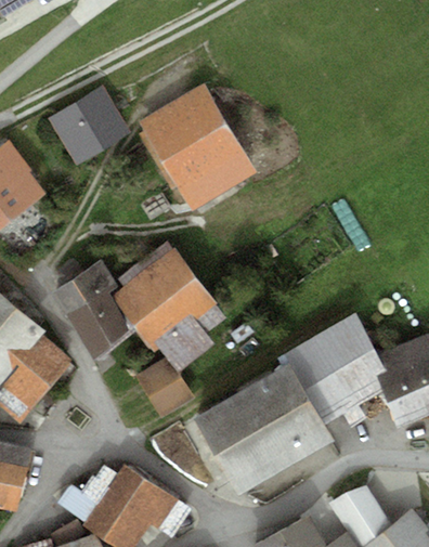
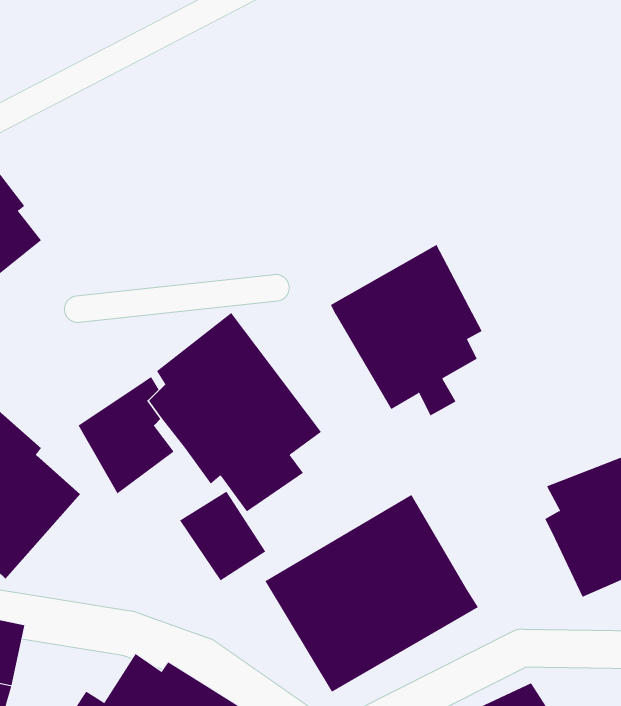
building: [49,83,129,160] -> none
building: [144,93,250,208] -> none
building: [52,260,115,315] -> none
building: [284,314,385,428] -> [330,244,483,416]

